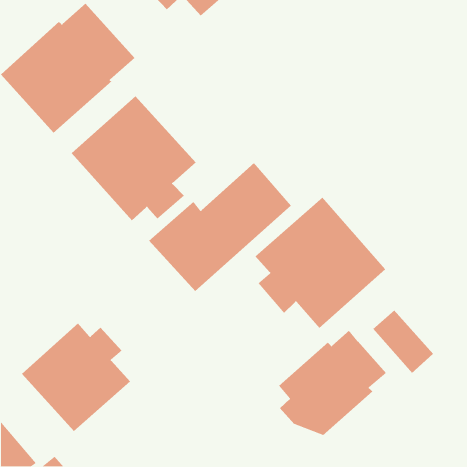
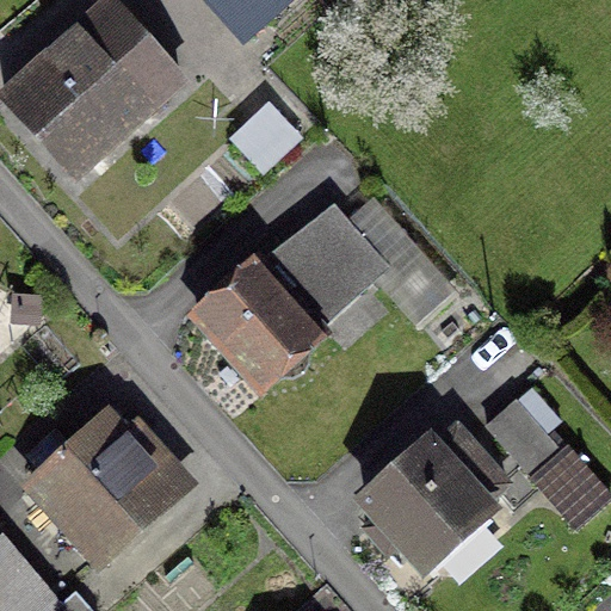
building: [71,95,197,221] -> none
building: [254,196,386,329] -> none

